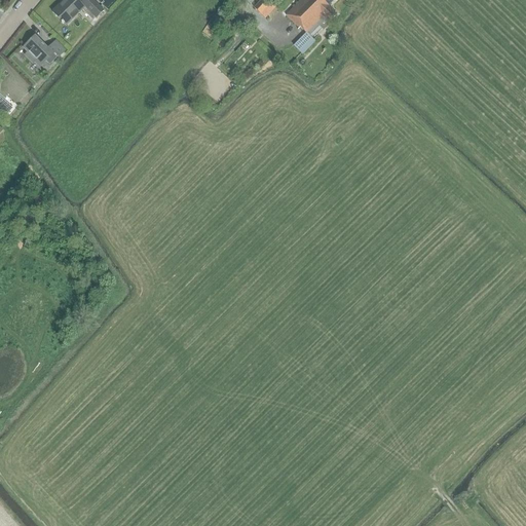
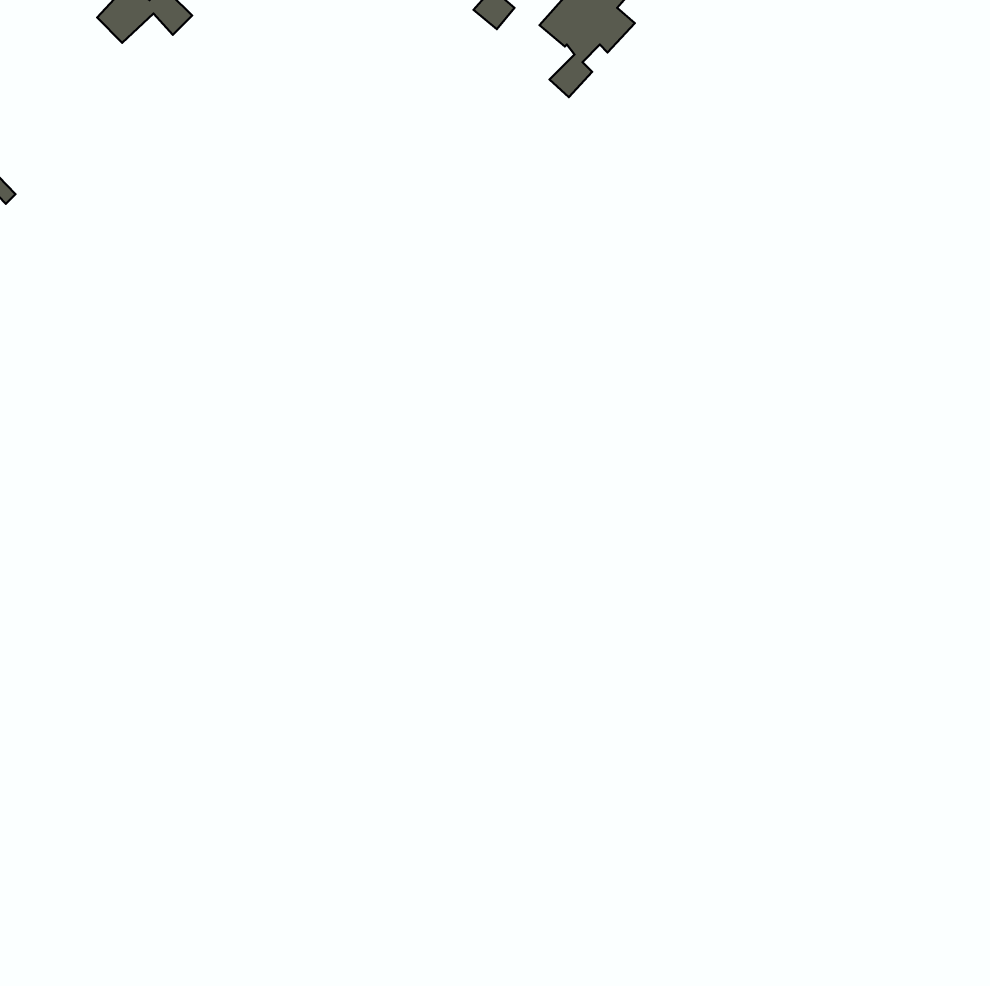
building: [23,34,64,64] -> none

